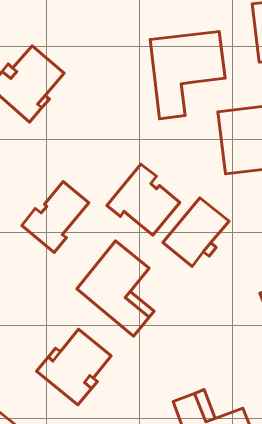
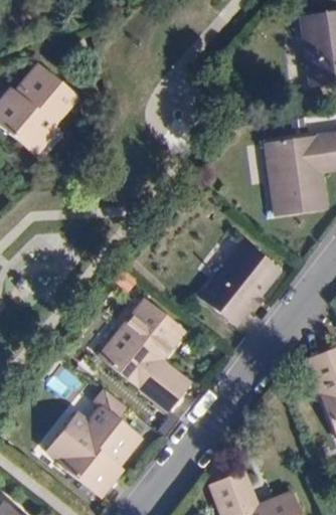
building: [150,32,225,119] -> none
building: [107,164,180,235] -> none
building: [22,182,89,252] -> none

